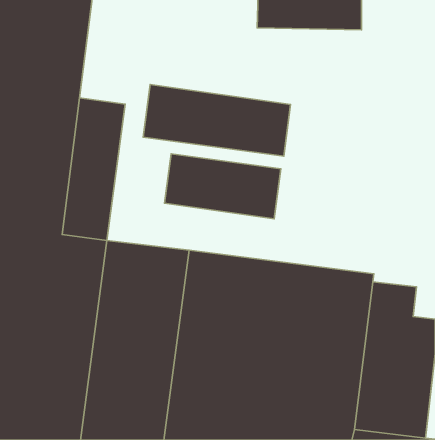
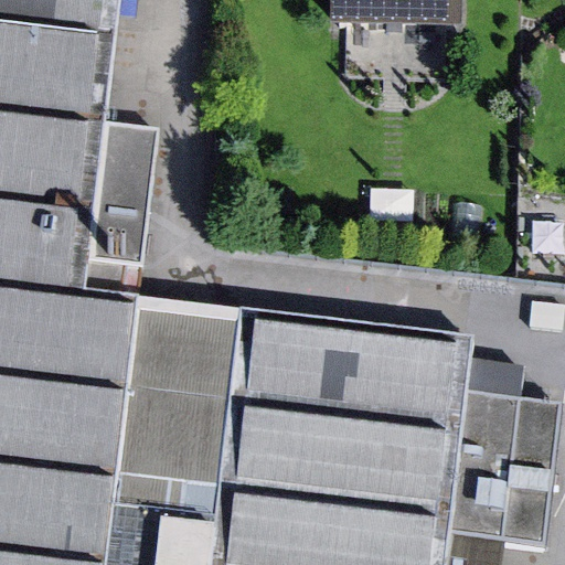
building: [143,85,291,156] -> none
building: [164,154,281,219] -> none

